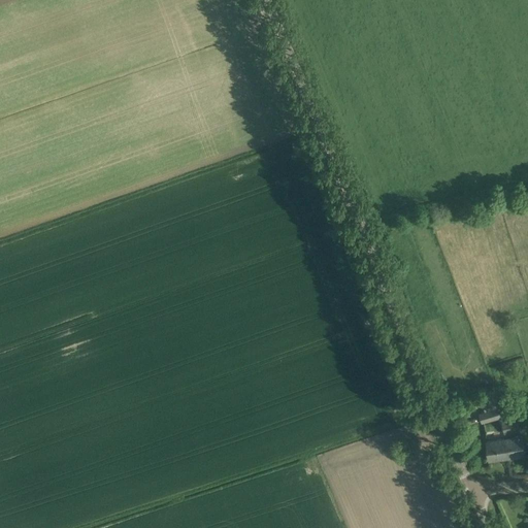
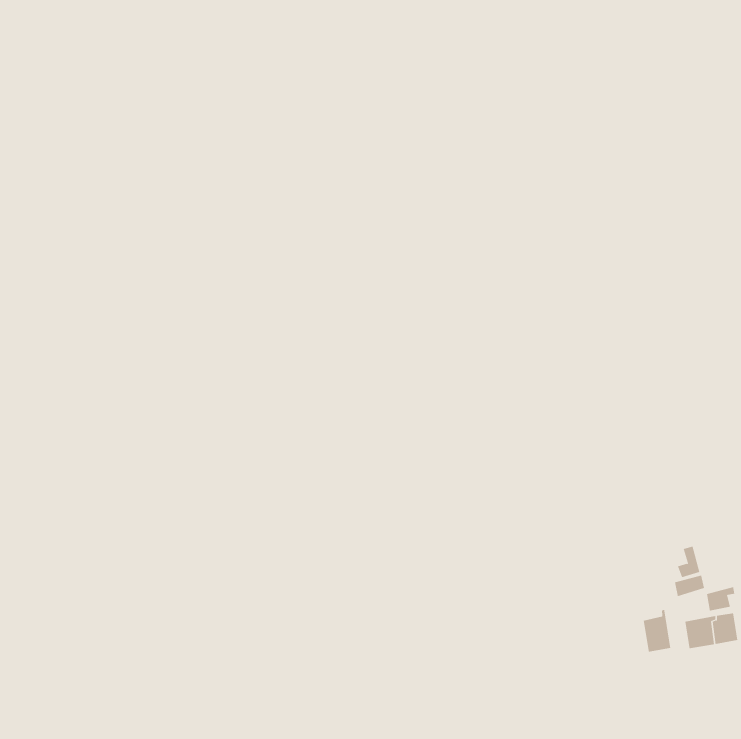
building: none -> [643,609,671,652]

